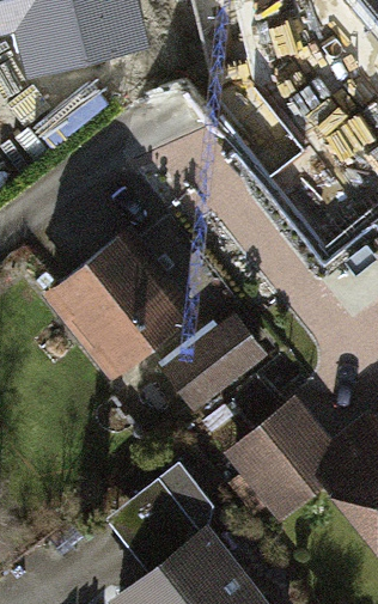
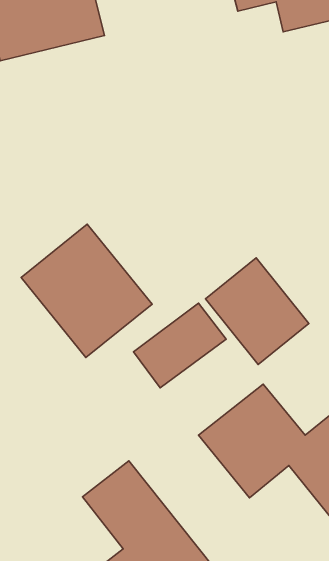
building: none -> [205,258,309,365]

